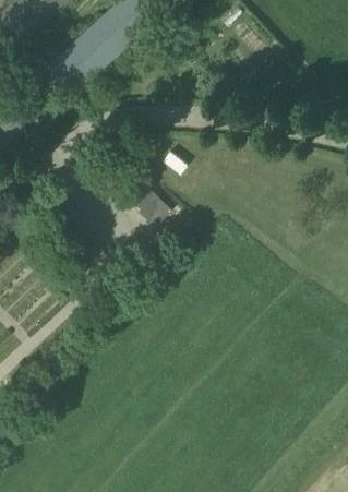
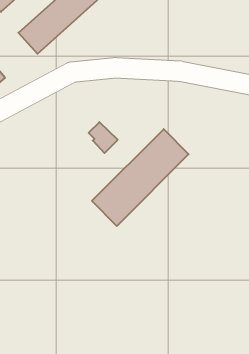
building: none -> [92,129,189,226]

